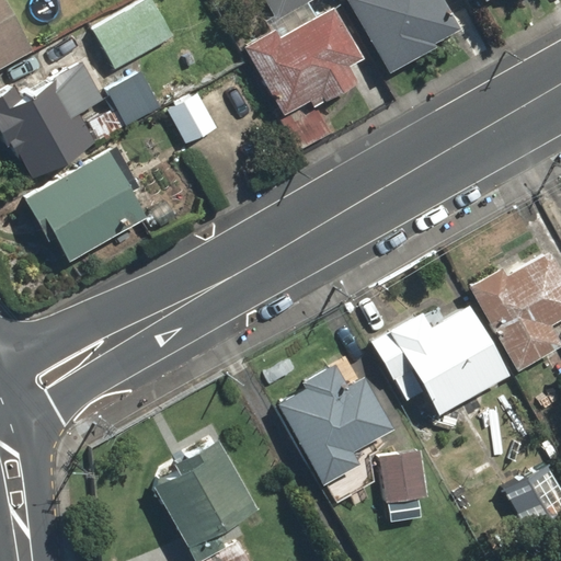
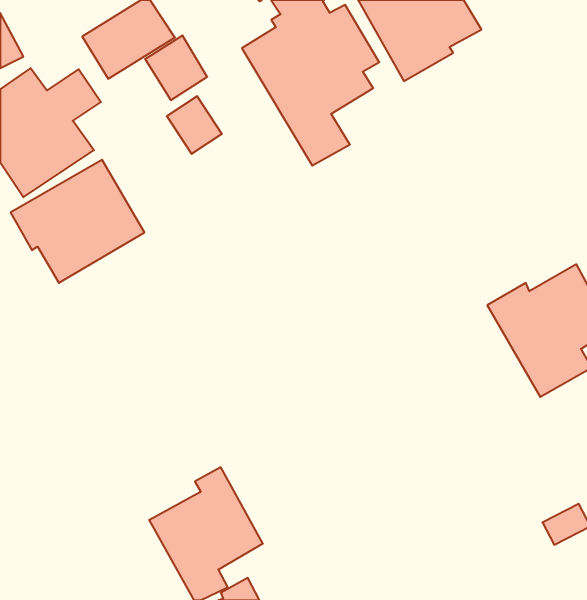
building: [105,65,163,125] -> [145,36,207,100]
building: [373,302,510,414] -> none
building: [275,359,396,486] -> none
building: [381,451,433,503] -> none

